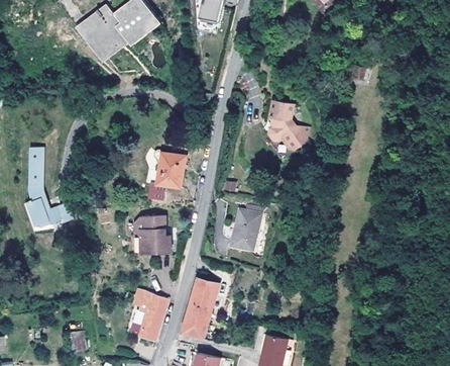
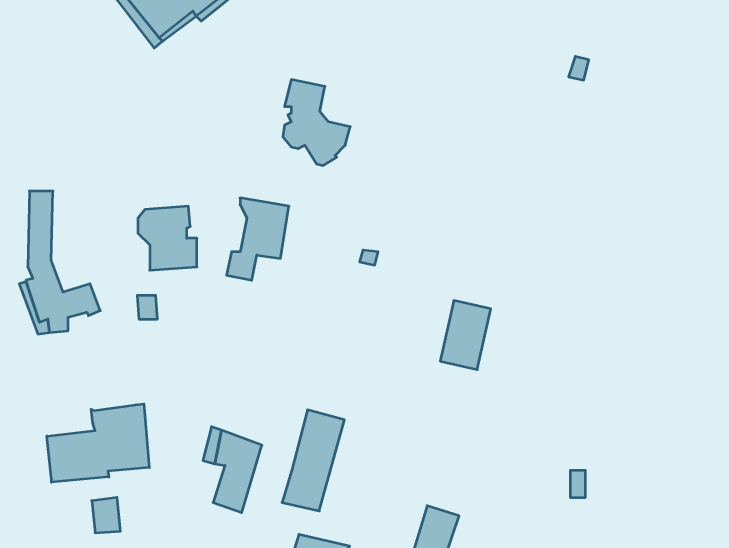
building: [266,99,307,151] -> [283,80,350,165]
building: [231,209,261,251] -> [440,301,491,370]
building: [136,216,172,255] -> [138,206,197,270]
building: none -> [47,404,149,482]

